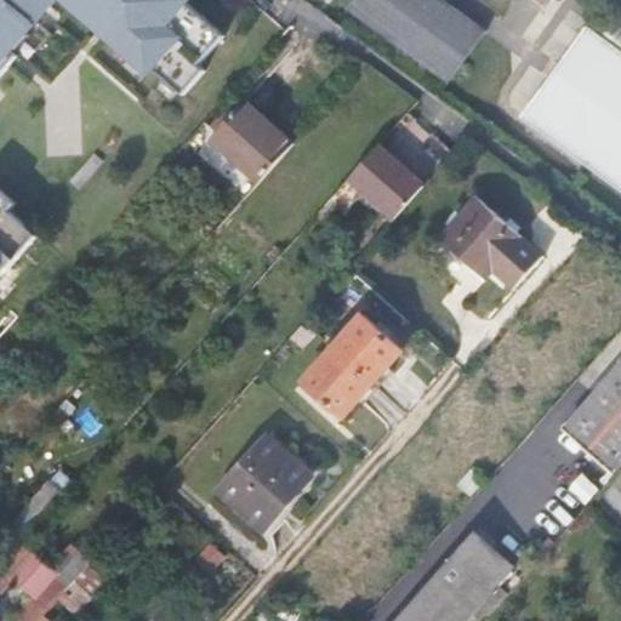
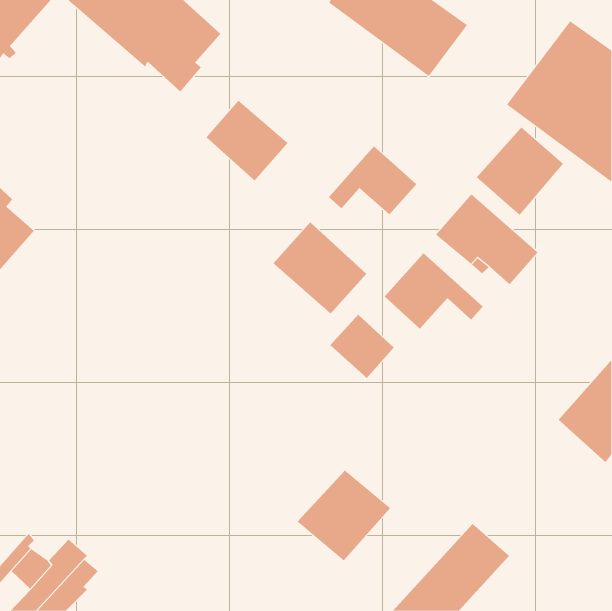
building: none -> [476,126,564,216]
building: none -> [272,222,367,314]
building: none -> [384,252,483,329]
building: [303,348,370,416] -> none
building: [215,438,309,530] -> [297,470,391,561]

